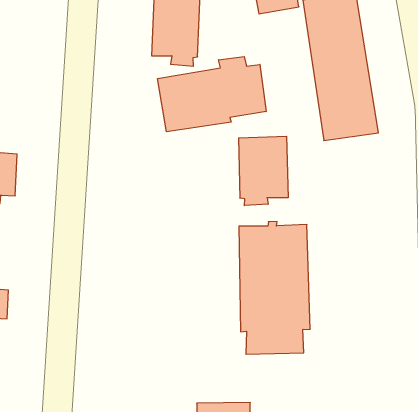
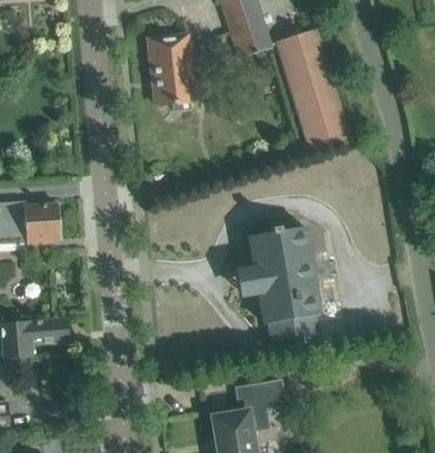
building: [158,57,266,132] -> none
building: [239,136,288,206] -> none

